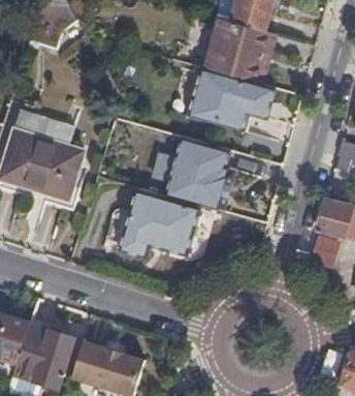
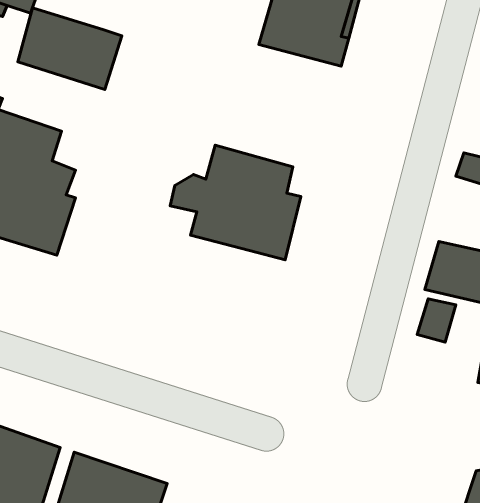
building: none -> [18,8,122,90]
building: [188,67,276,132] -> none
building: [118,188,200,260] -> none

